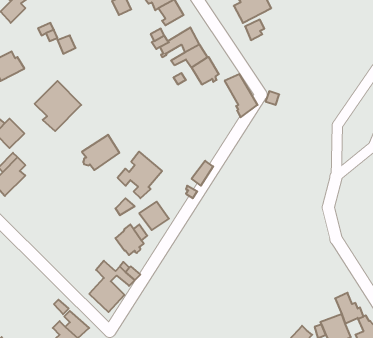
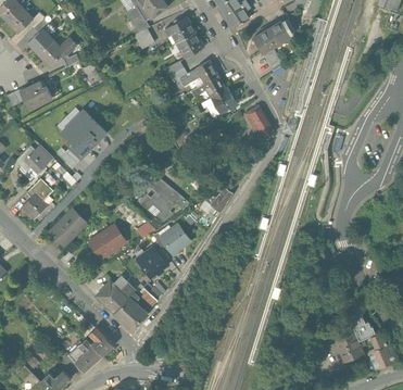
building: none -> [38,38,76,66]
building: [82,135,119,170] -> [89,225,125,259]
building: none -> [52,211,84,242]
building: none -> [95,275,127,313]

